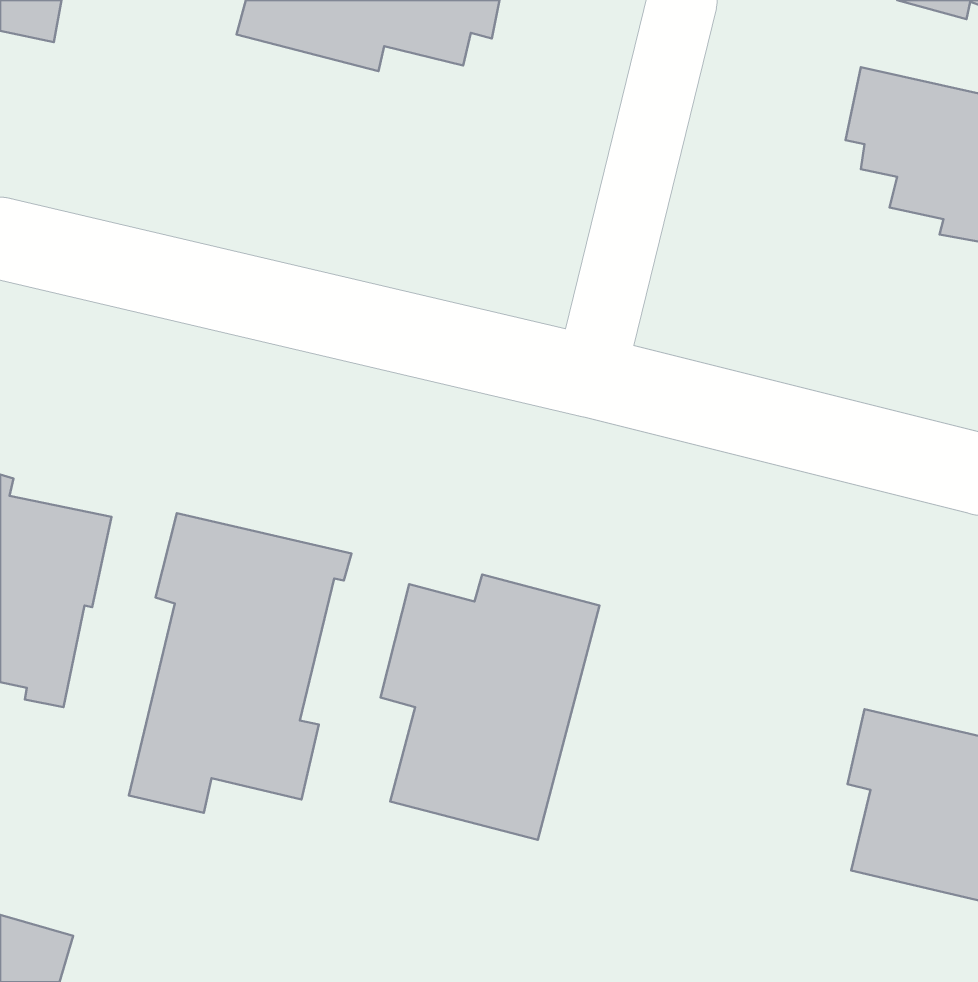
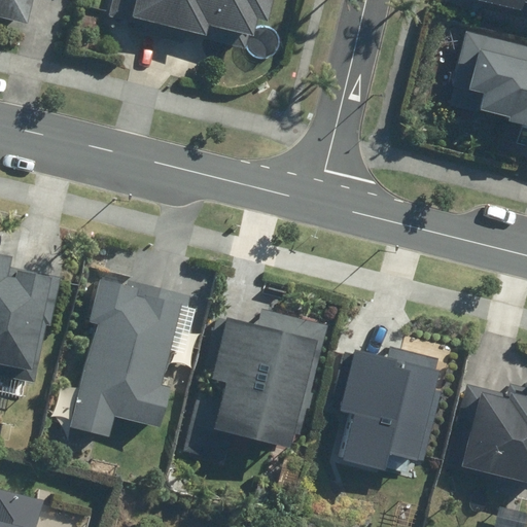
building: none -> [331,347,443,479]

